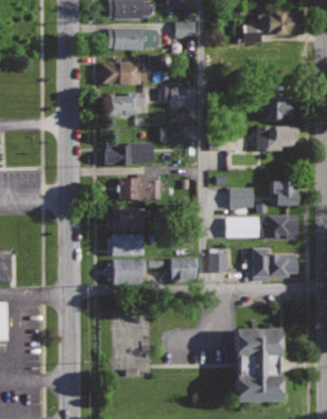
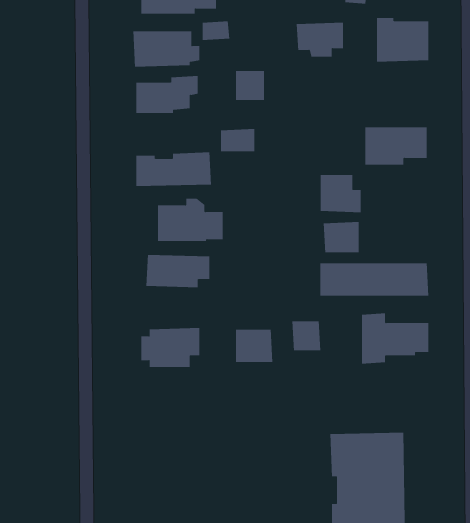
building: [259,97,291,120] -> [296,22,344,57]
building: [270,181,297,206] -> [320,175,361,213]
building: [106,234,145,257] -> none

